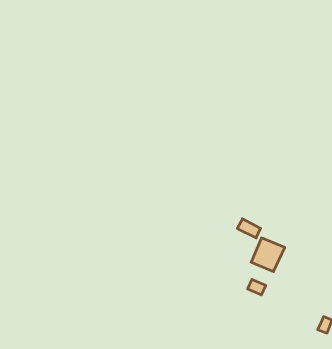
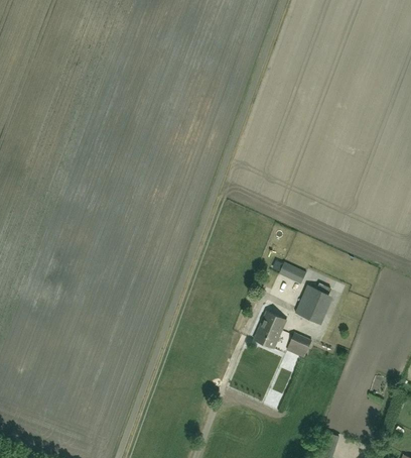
building: none -> [255,312,286,349]

